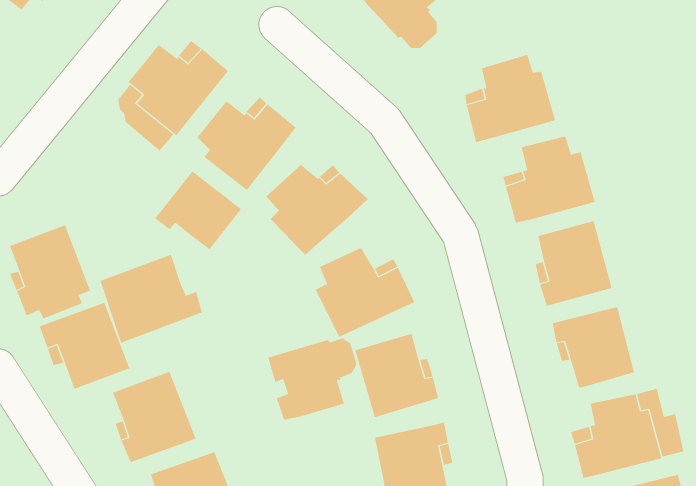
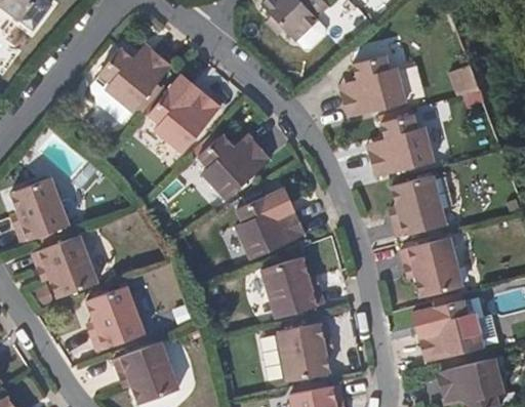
building: none -> [454,64,484,106]
building: [154,171,242,250] -> none
building: [100,254,202,344] -> none
building: [268,337,357,420] -> none

